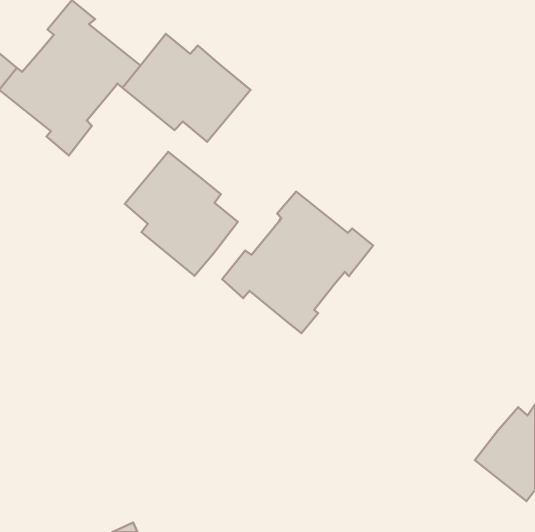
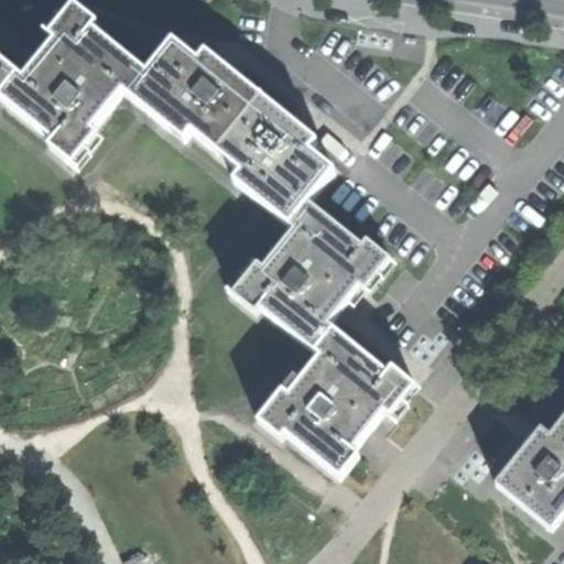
building: [125,152,238,276] -> [216,94,334,223]
building: none -> [256,326,412,471]

